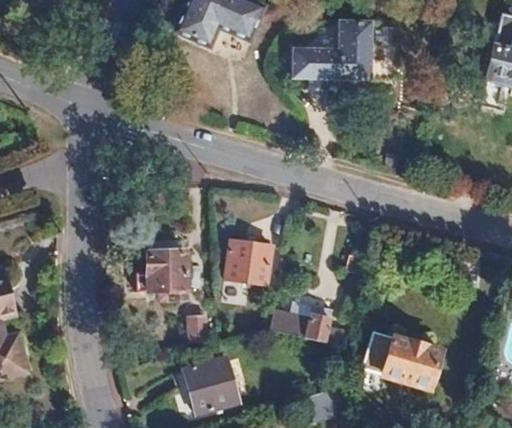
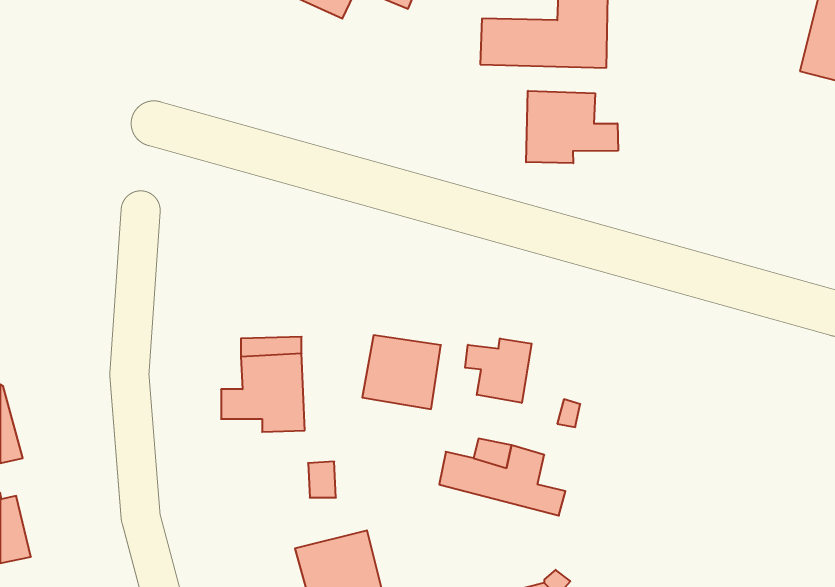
building: none -> [526,91,618,163]
building: none -> [465,338,532,403]
building: [372,335,440,386] -> none

